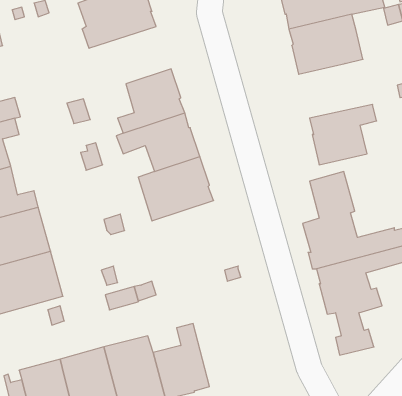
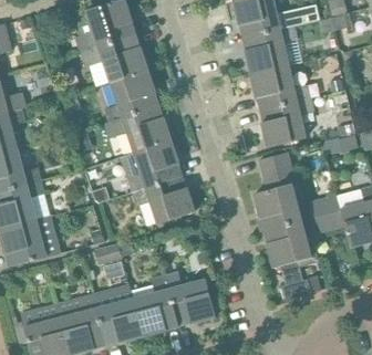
building: none -> [81,35,147,87]
building: none -> [250,65,310,109]
building: none -> [132,176,195,225]
building: none -> [165,272,215,326]

